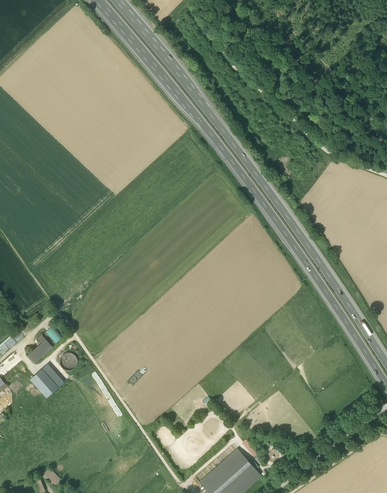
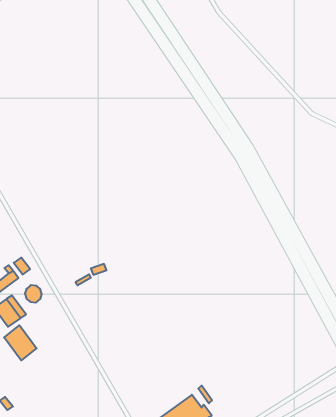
building: none -> [4,325,37,360]

